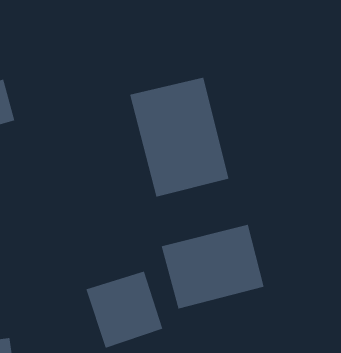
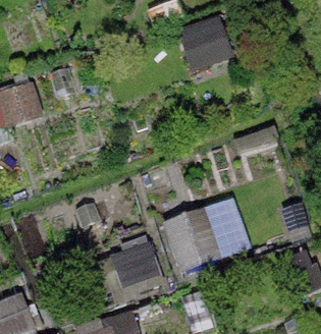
building: [129,77,229,198] -> none

